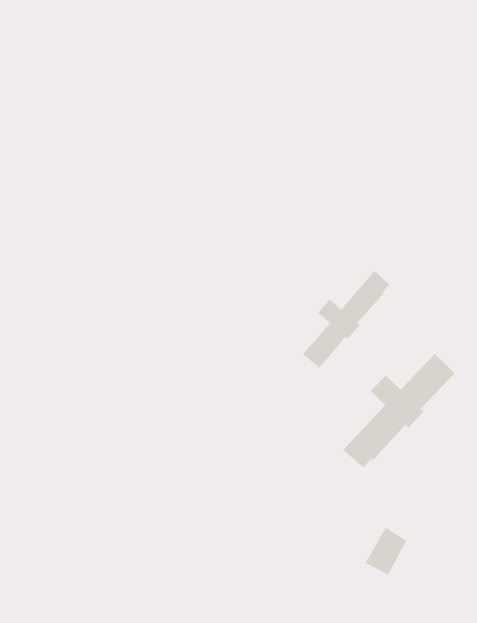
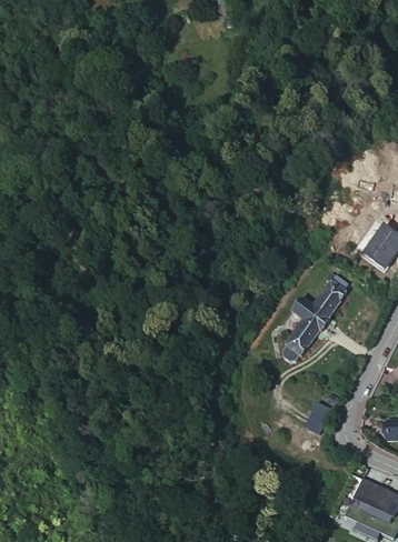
building: [302,270,390,369] -> none

